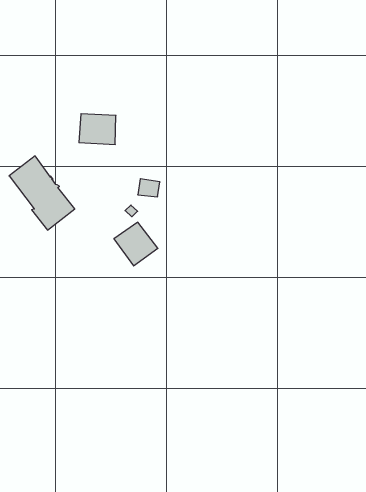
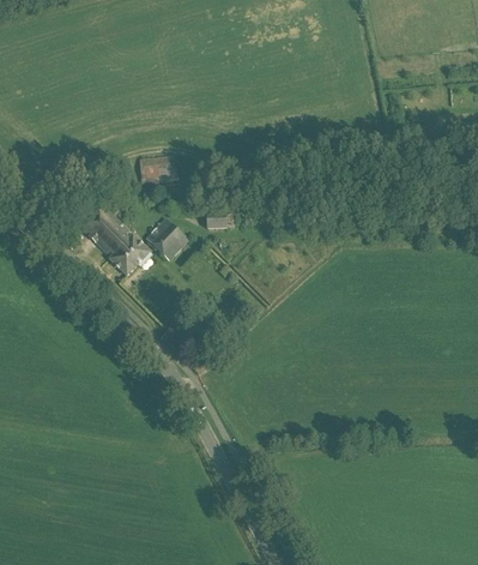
building: [114,222,158,266] -> [145,218,188,260]

